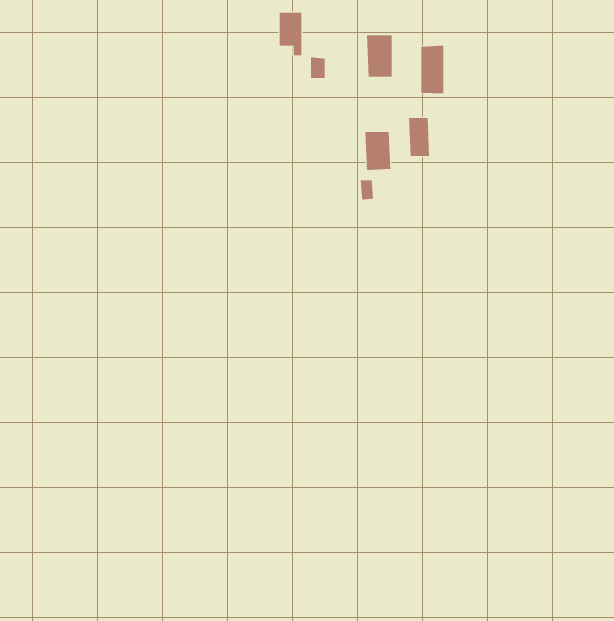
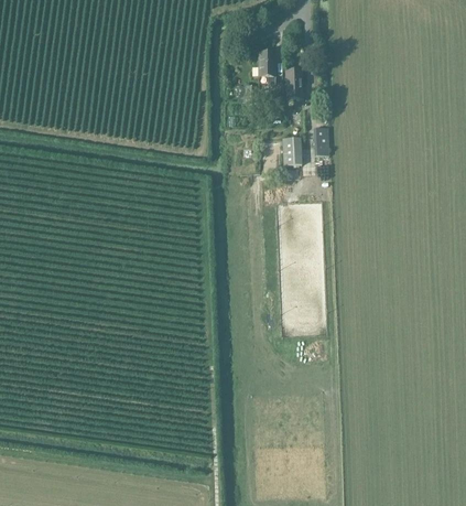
building: [279,12,302,56] -> [259,52,275,83]
building: [421,45,444,94] -> none

